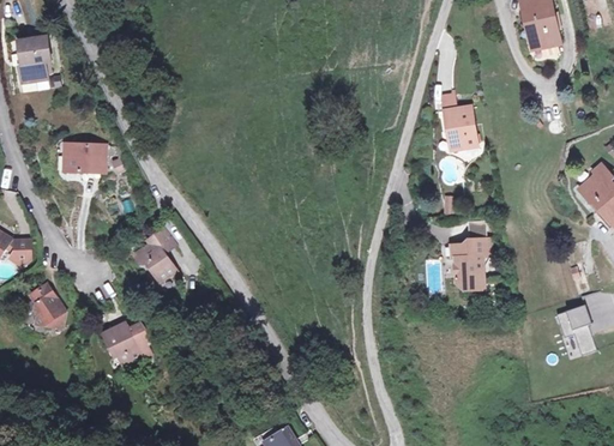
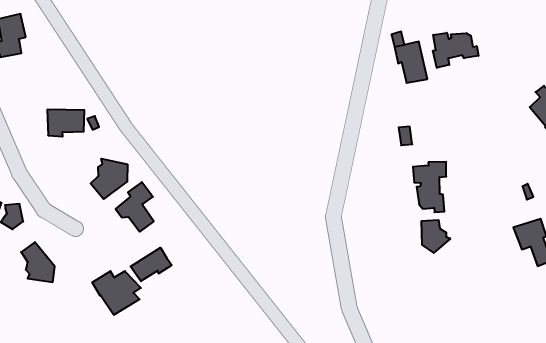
building: none -> [433,33,478,68]
building: none -> [91,159,127,199]
building: none -> [422,220,450,253]
building: none -> [131,248,172,281]

